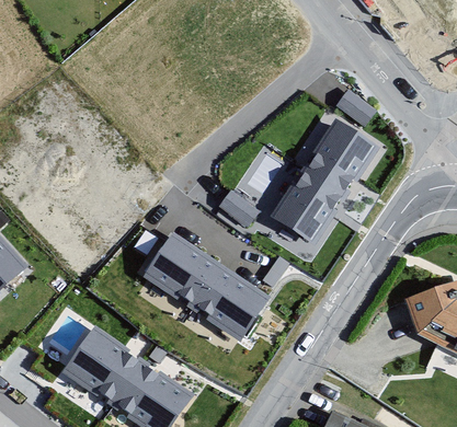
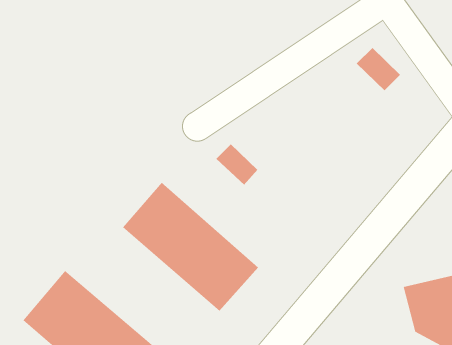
building: [270,117,380,245] -> none

